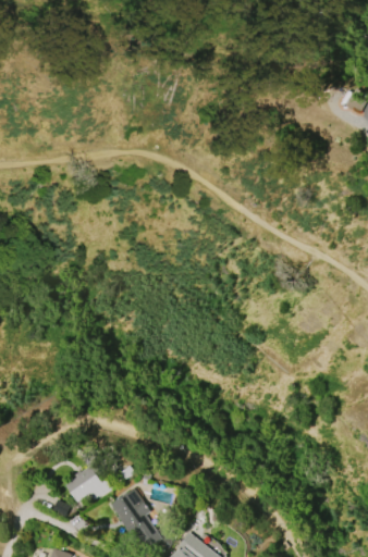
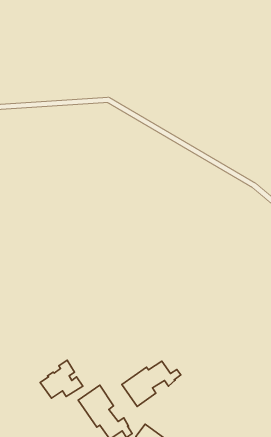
building: none -> [122,361,181,406]

